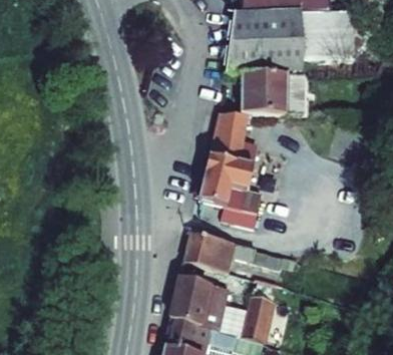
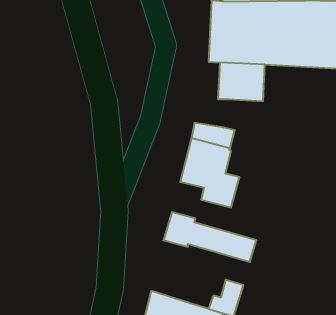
building: [216,109,252,140] -> none
building: [169,275,223,328] -> none

